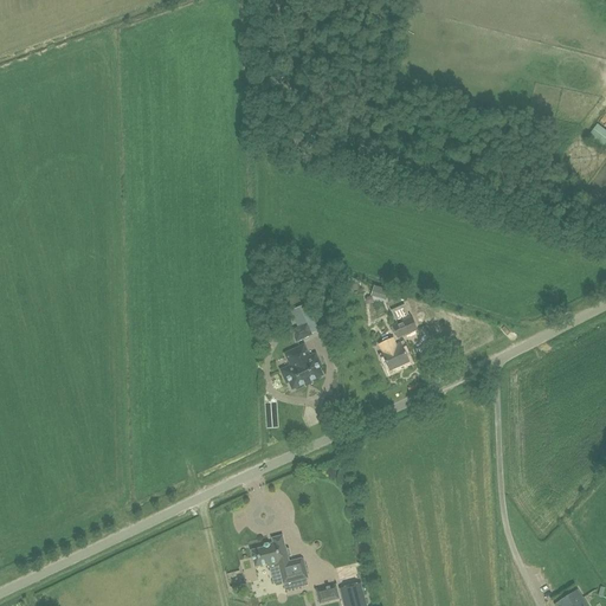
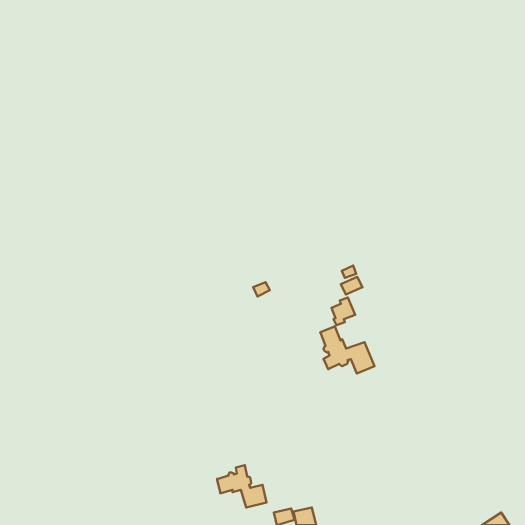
building: [281,346,322,389] -> none
building: none -> [320,326,375,374]

